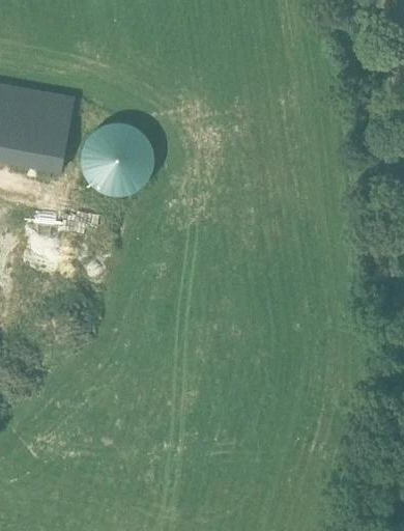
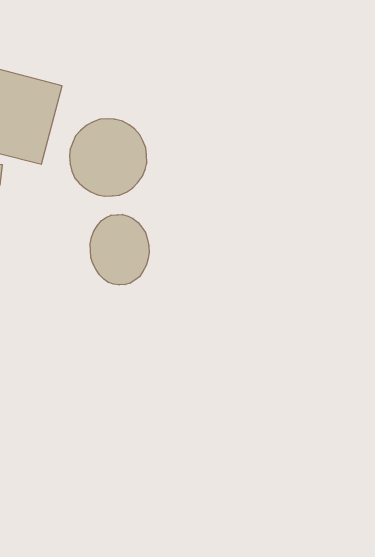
building: none -> [90,214,149,285]

